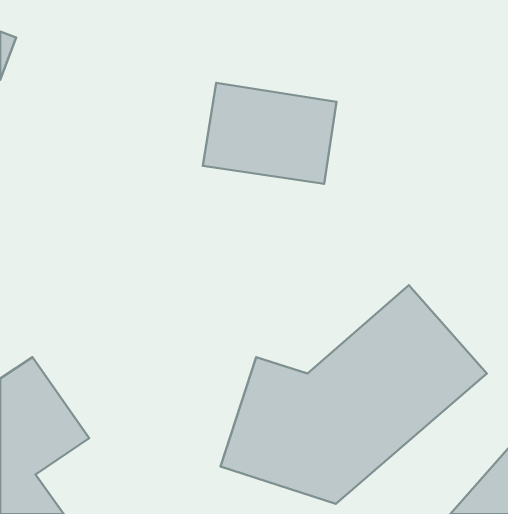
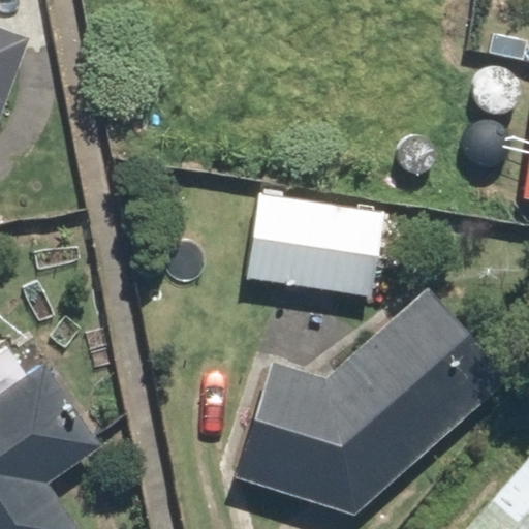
building: [203,83,336,184] -> [248,193,384,297]

